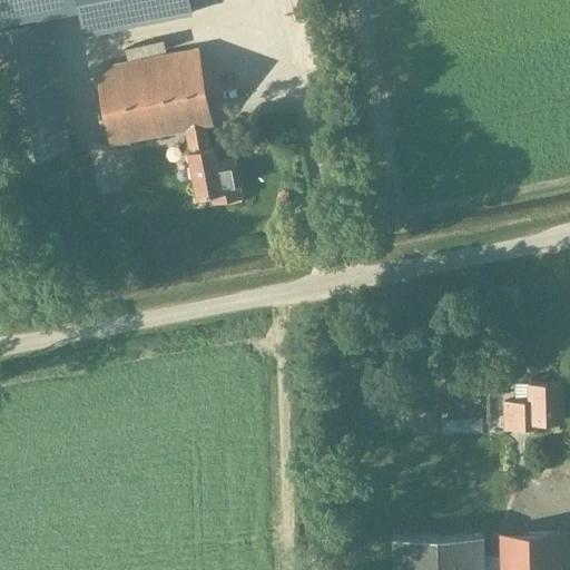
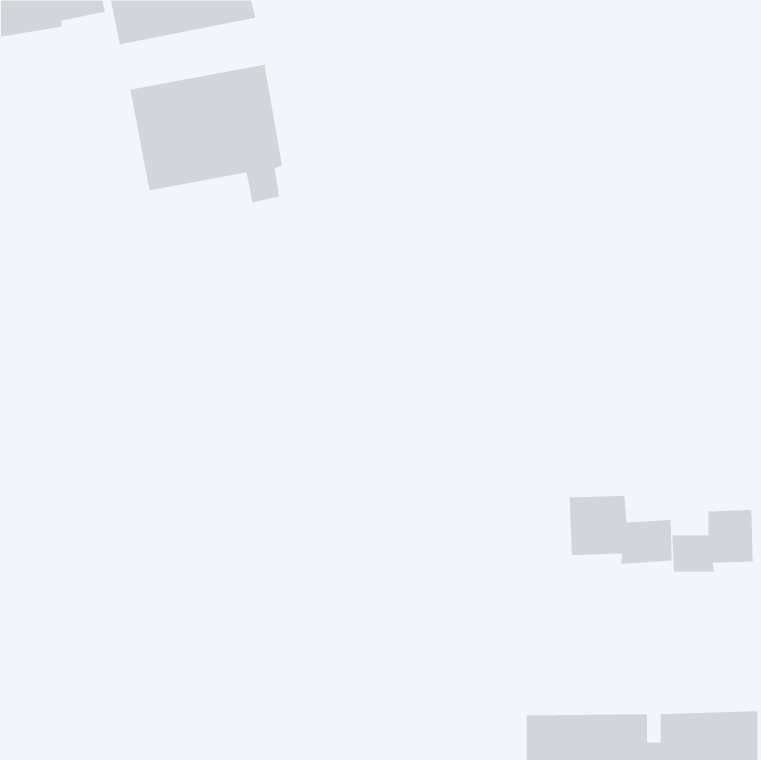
building: [188,148,242,204] -> none
building: none -> [569,495,672,564]

